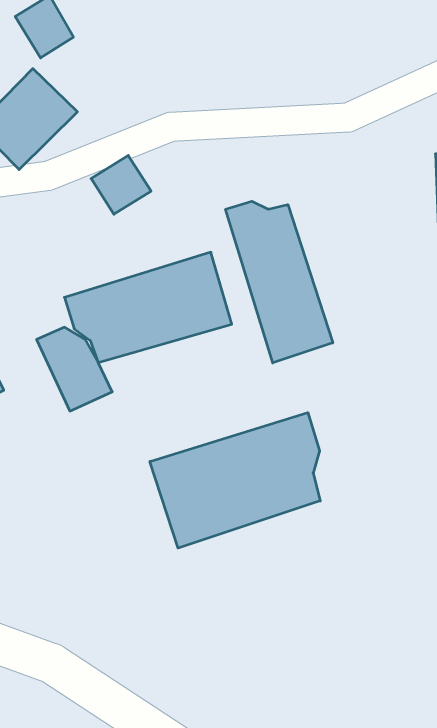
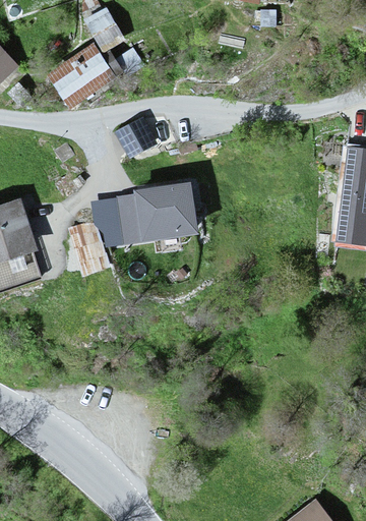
building: [226,201,333,363] -> none
building: [150,413,320,548] -> none

